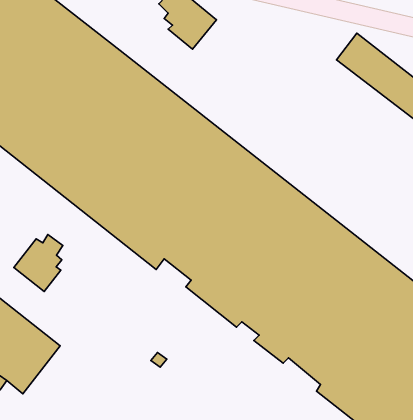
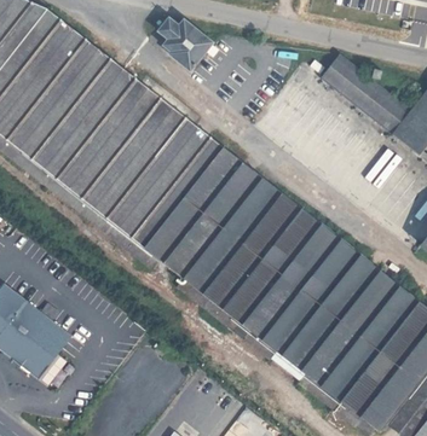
building: [14,235,63,292] -> none

